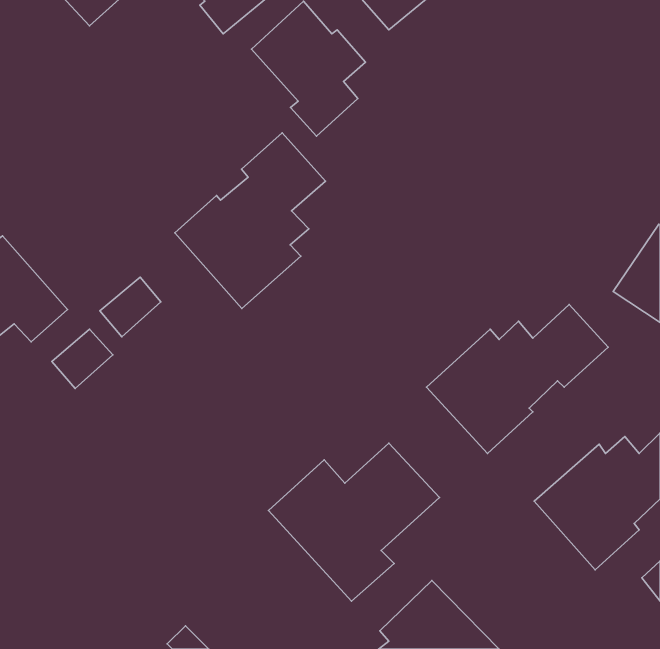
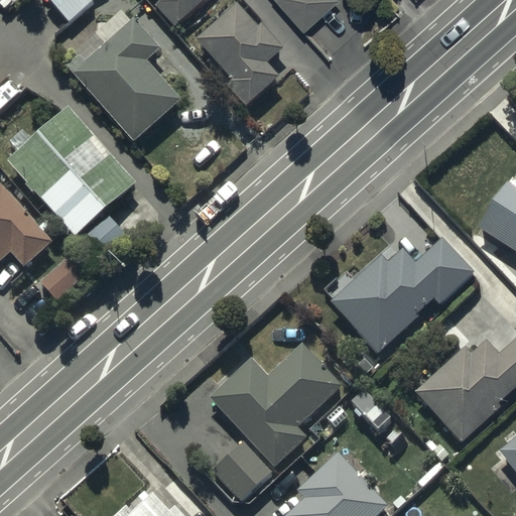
building: none -> [59,20,179,141]
building: [175,133,326,309] -> none
building: none -> [7,109,135,237]
building: none -> [212,440,273,501]

